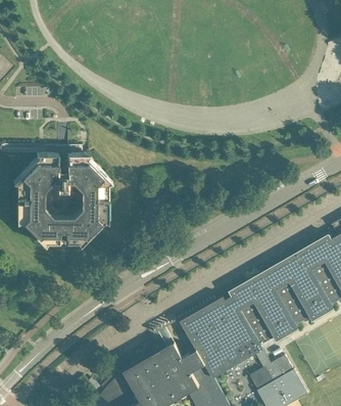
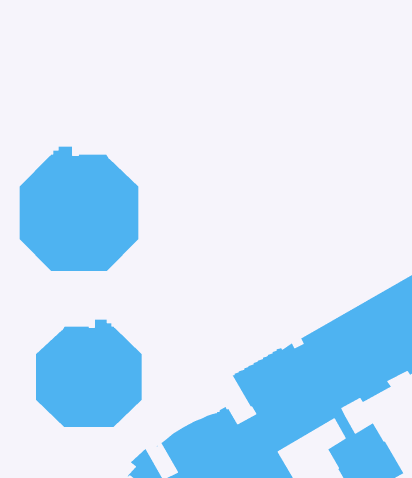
building: none -> [35,319,142,428]

